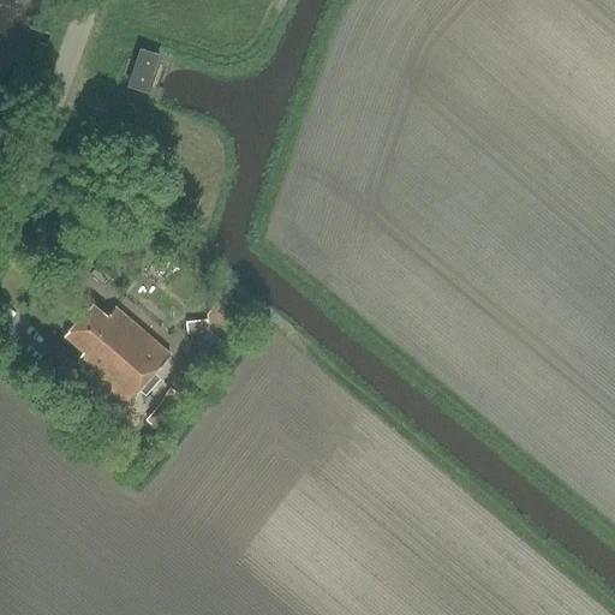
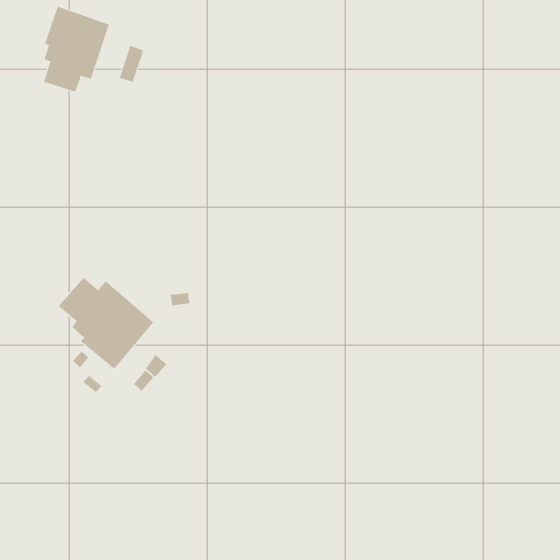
building: none -> [43,6,110,93]

